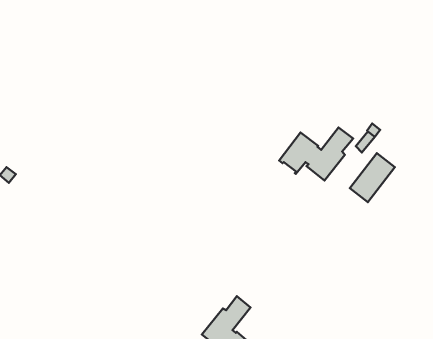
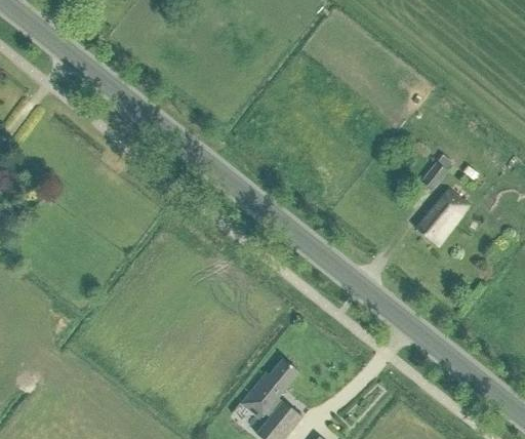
building: [279,127,353,180] -> none

